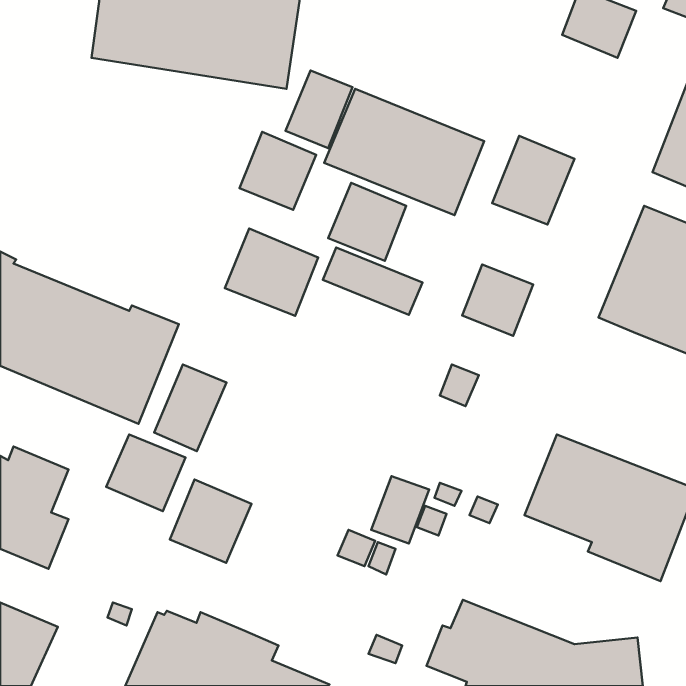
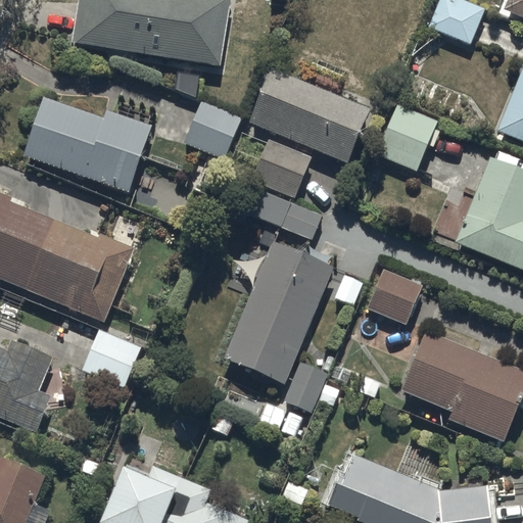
building: [285,71,353,148] -> none
building: none -> [23,96,152,191]
building: [225,229,318,316] -> none
building: [462,264,533,336] -> [367,270,421,324]
building: none -> [222,240,332,384]
building: [154,365,226,451] -> none
building: [170,479,252,563] -> none

